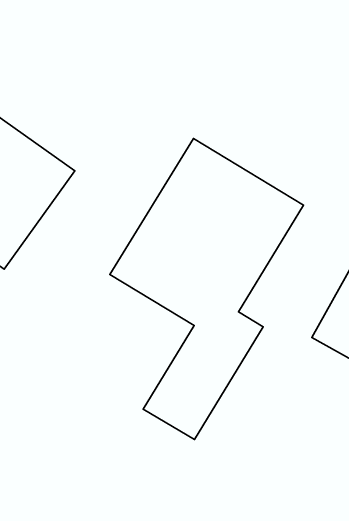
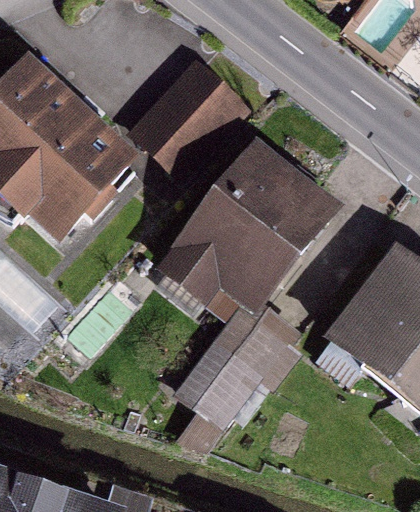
building: none -> [126,63,246,182]

